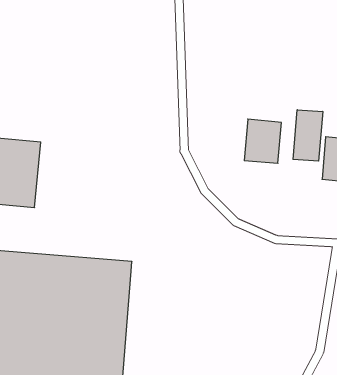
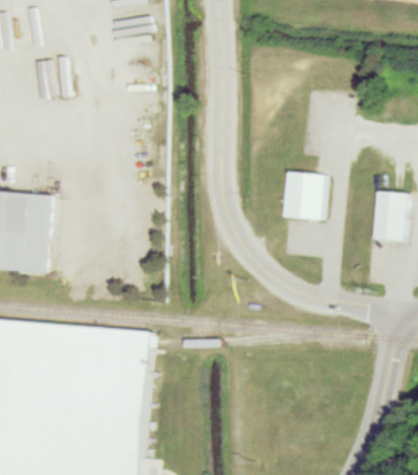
building: [293,110,323,161] -> none

